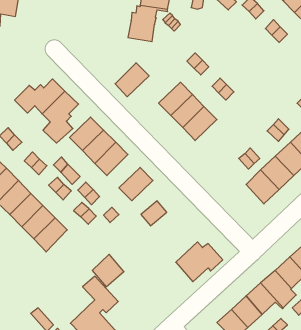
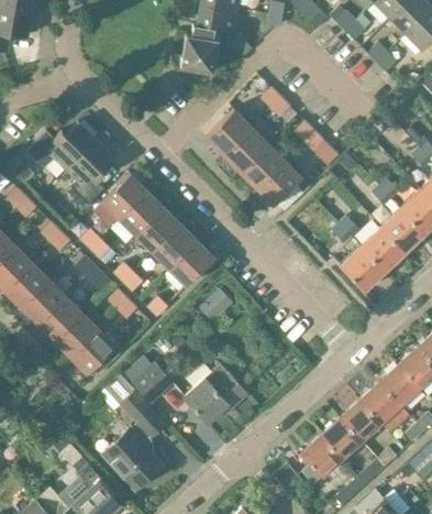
building: [115,63,149,97] -> [206,109,252,155]
building: none -> [152,225,197,270]
building: none -> [69,327,115,373]
building: [176,242,223,282] -> [185,370,248,424]

